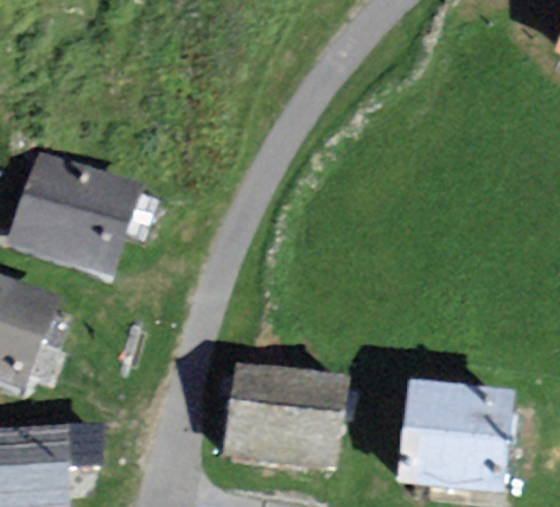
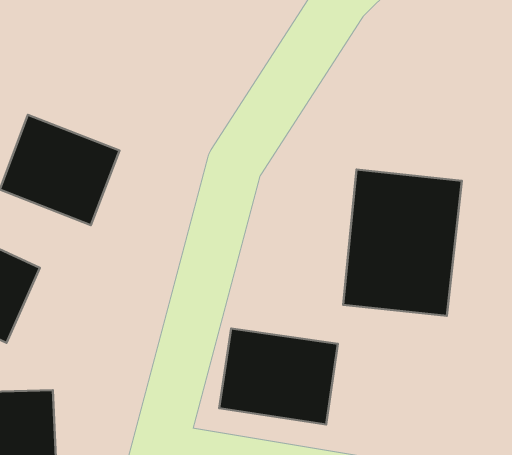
building: none -> [343,169,462,316]
building: [400,389,508,489] -> none

